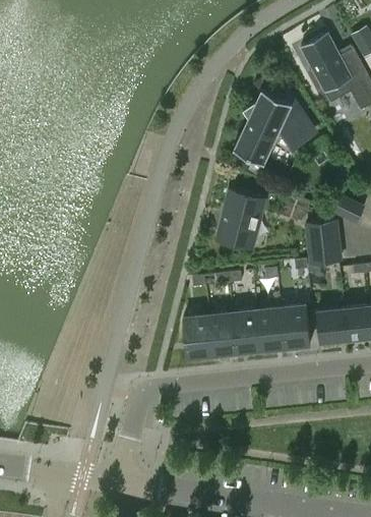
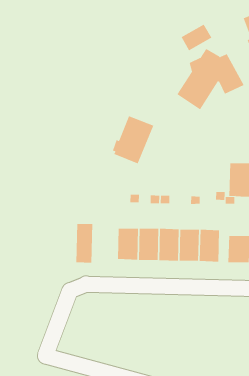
building: none -> [181,24,212,51]
building: [218,191,264,248] -> [112,115,154,164]
building: none -> [76,223,93,264]

